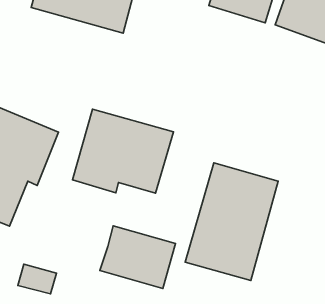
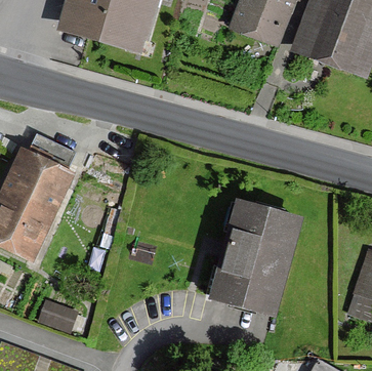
building: [73,109,173,193] -> none
building: [100,226,176,289] -> none

